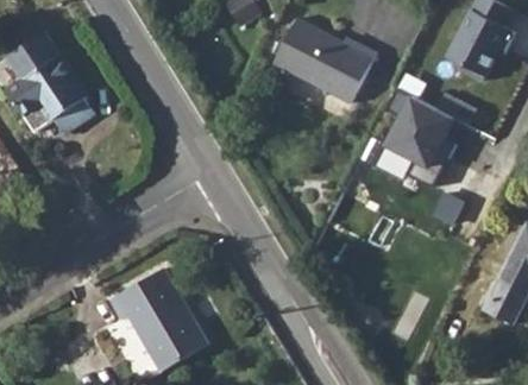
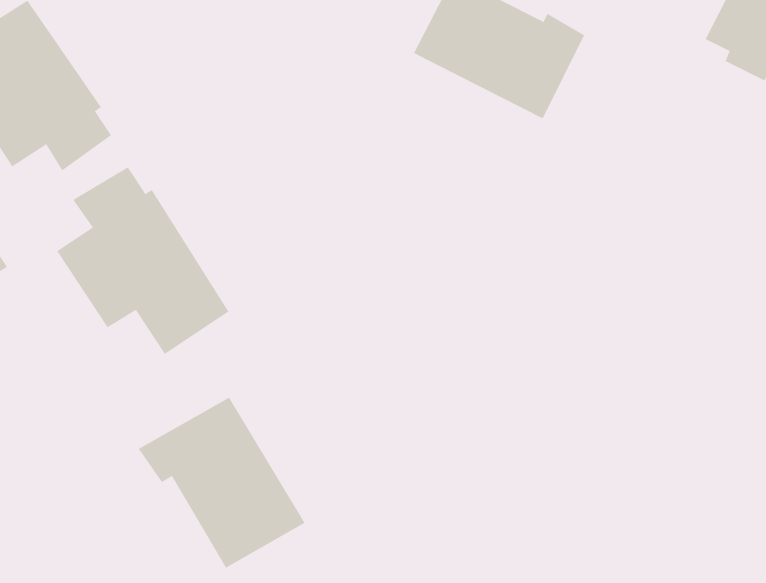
building: [386,97,455,188] -> none
building: none -> [57,166,229,355]

